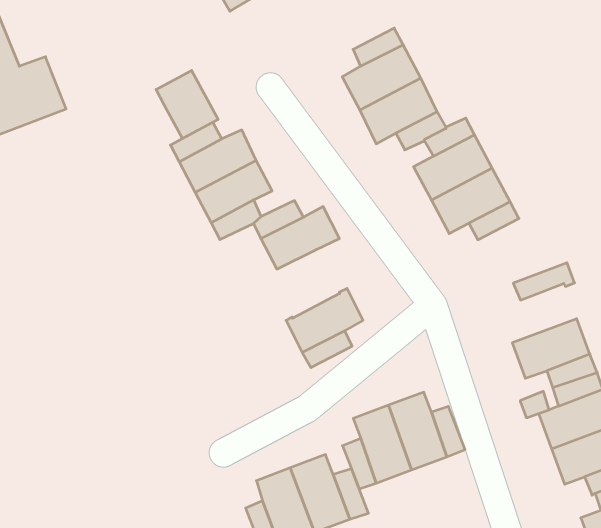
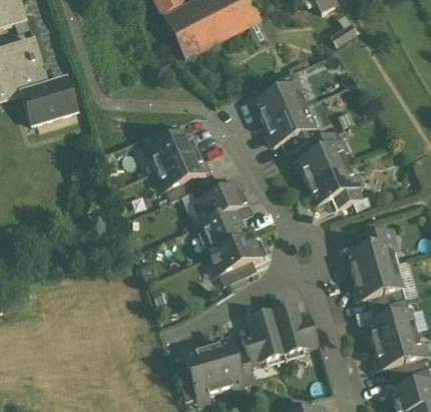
building: [156,70,218,138] -> none
building: none -> [200,211,245,254]
building: none -> [346,242,395,278]

